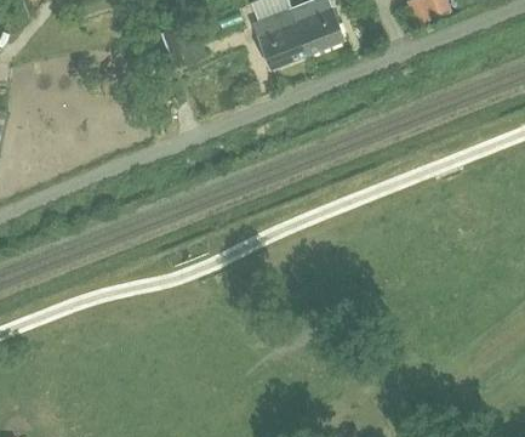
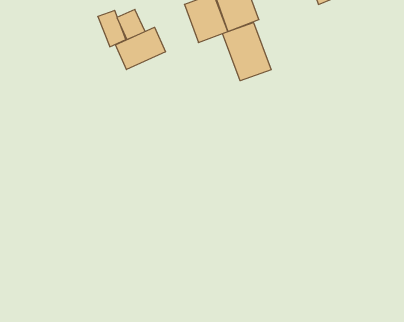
building: none -> [223,23,271,81]
building: none -> [116,27,165,70]

